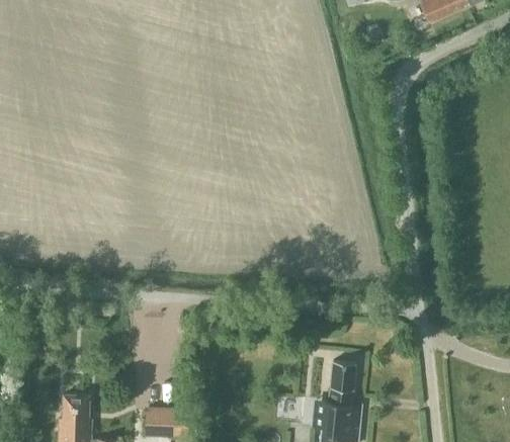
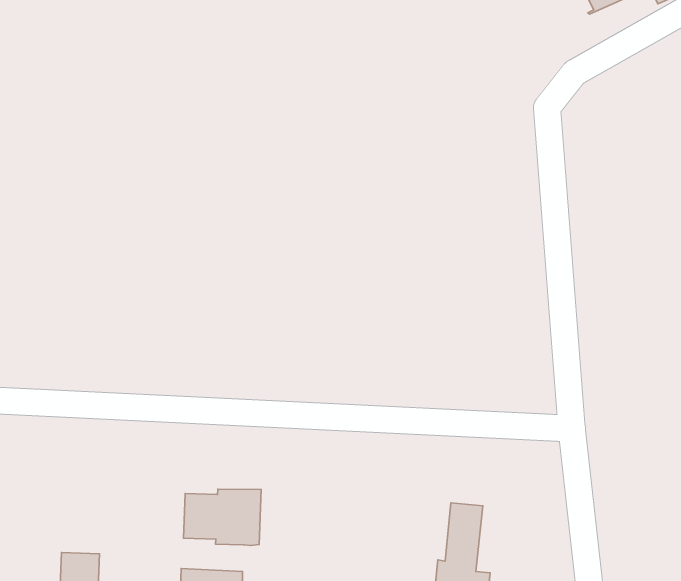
building: none -> [184,489,261,545]

